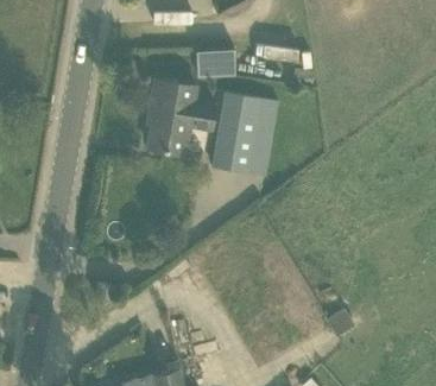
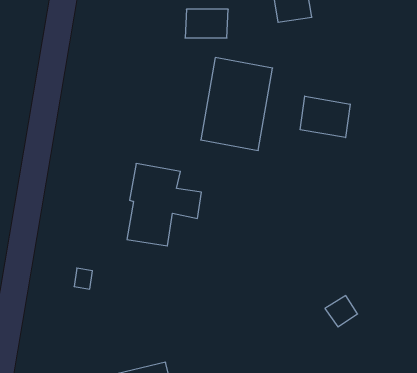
building: [147,80,215,154] -> [127,164,201,246]
building: none -> [300,96,350,138]

